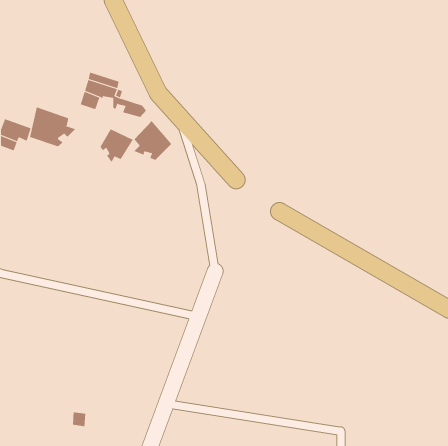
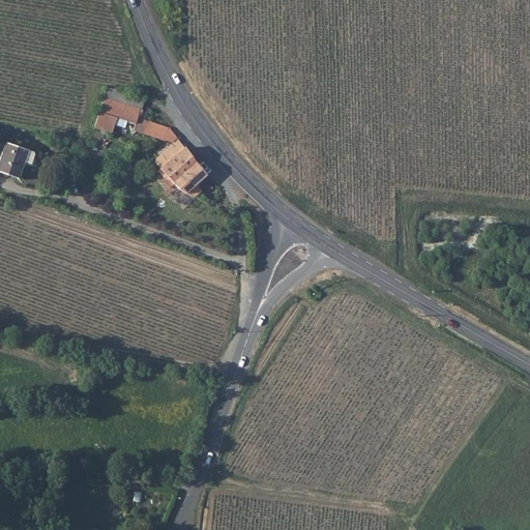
building: [30,106,76,147] -> none
building: [100,129,134,163] -> none

